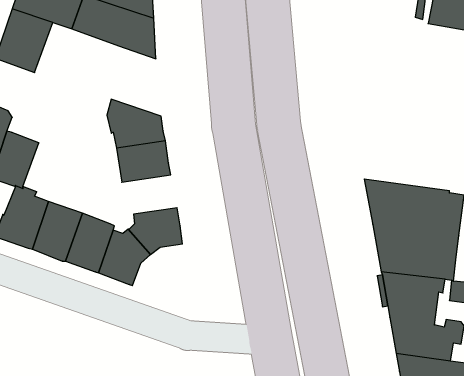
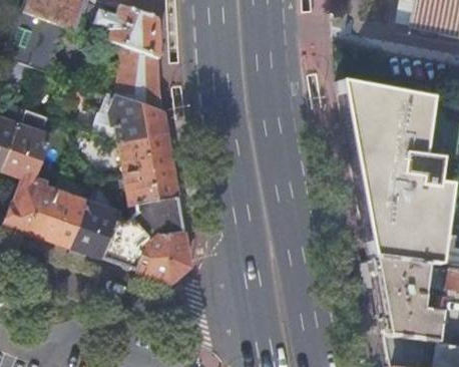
building: none -> [118,44,165,110]
building: none -> [341,79,440,180]
building: none -> [128,165,180,204]
building: none -> [138,231,191,282]

